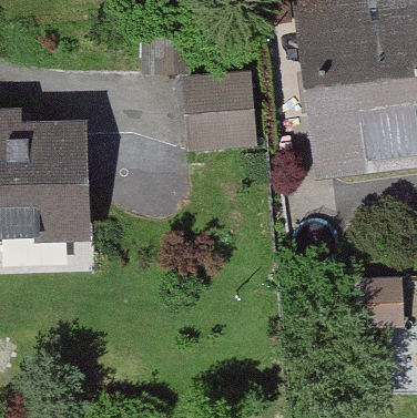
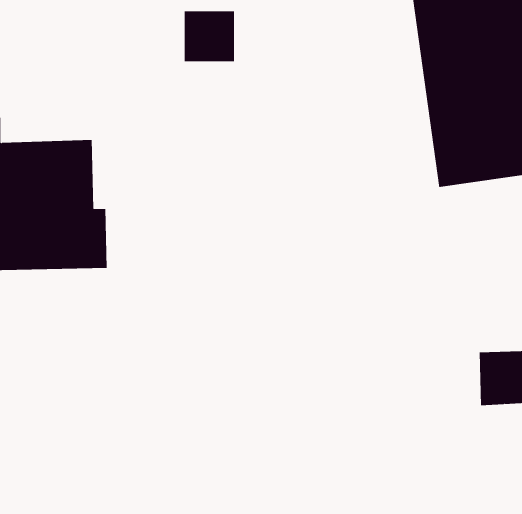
building: [185,79,254,147] -> none

